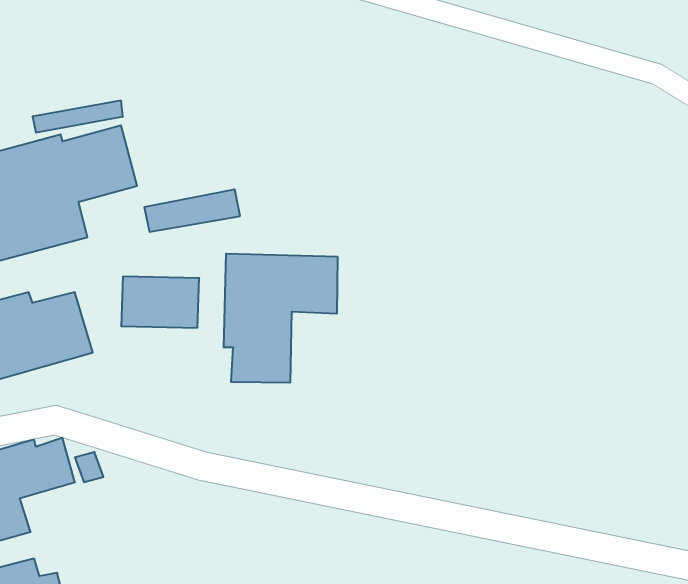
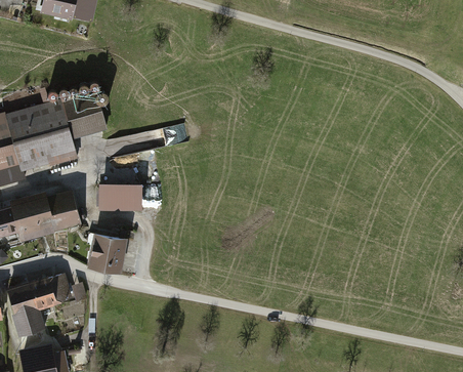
building: [224,254,337,383] -> none
building: none -> [87,233,126,275]

